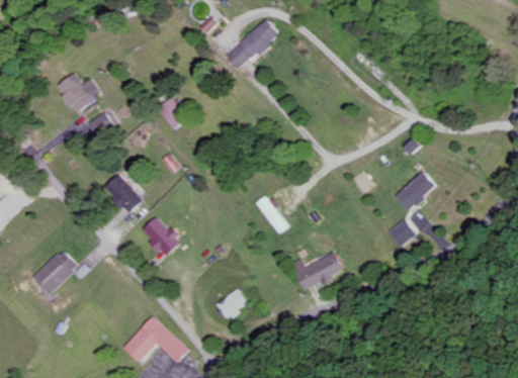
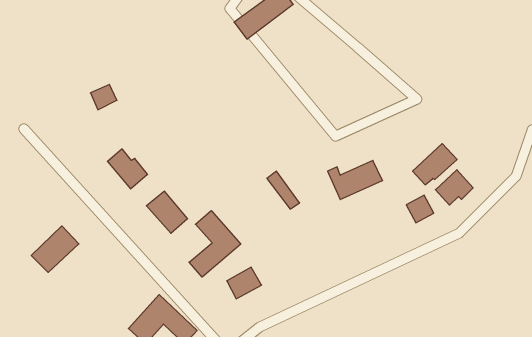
building: [54,74,96,113] -> none
building: none -> [435,170,473,205]
building: none -> [189,211,241,277]
building: [292,253,345,290] -> [328,160,383,200]

